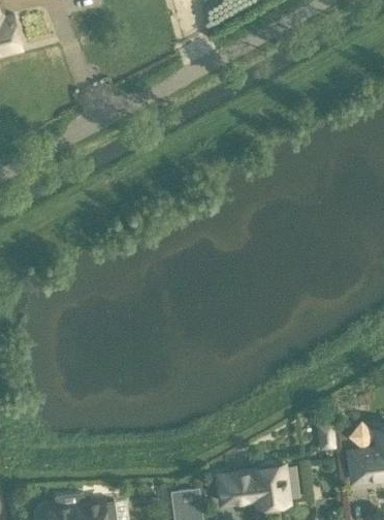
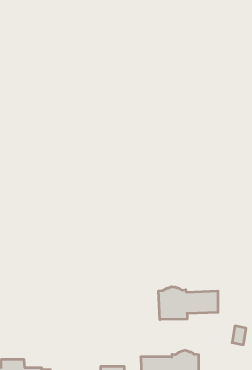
building: none -> [159,287,218,320]

